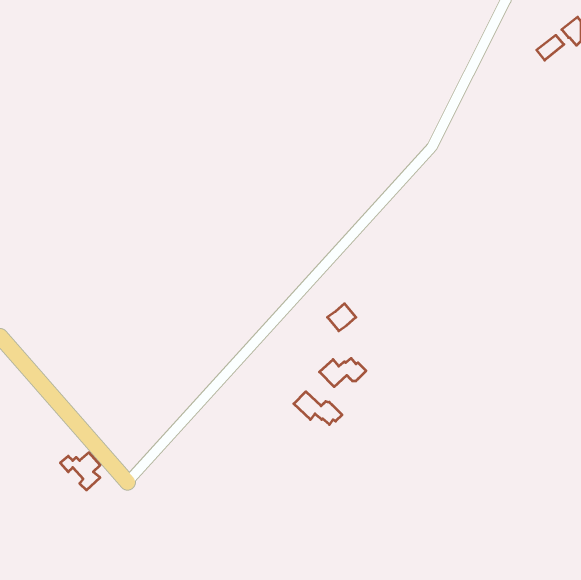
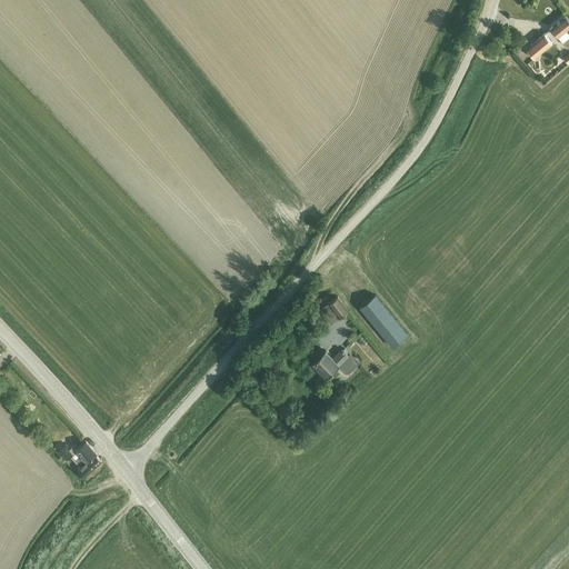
building: none -> [360,296,408,348]
building: [294,392,342,425] -> none

